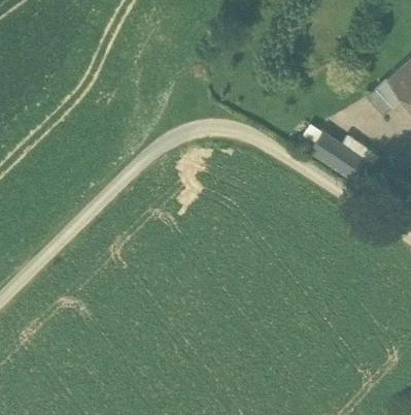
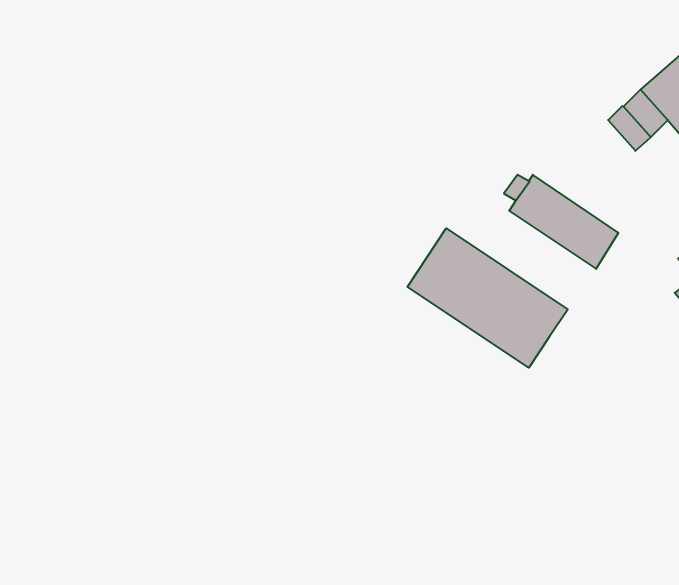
building: none -> [407,228,568,368]

